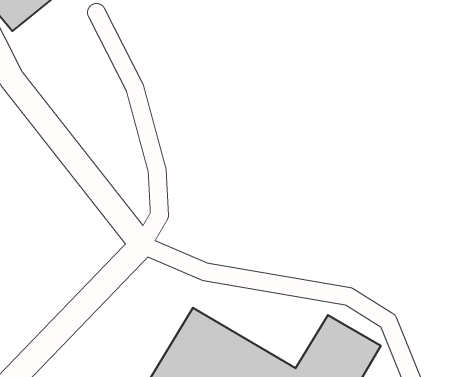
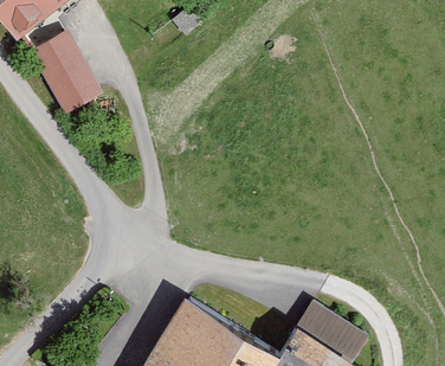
building: none -> [36,34,95,107]

